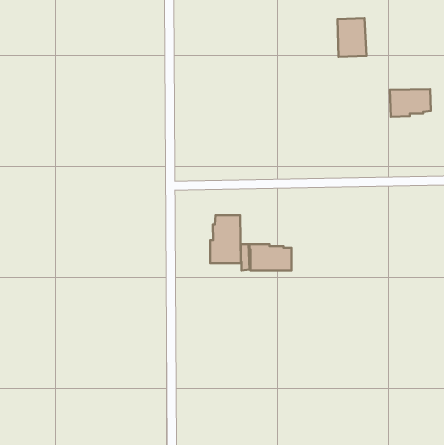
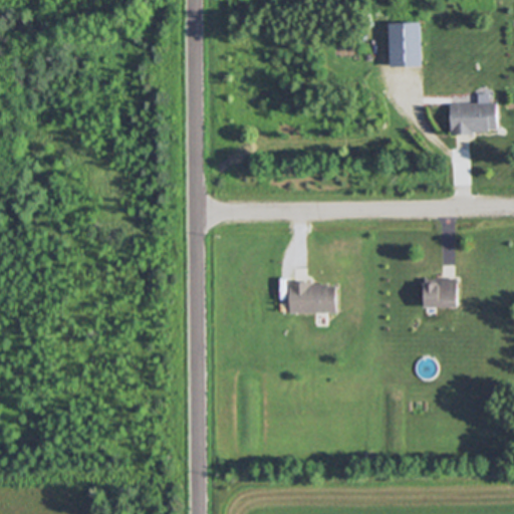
building: [210,215,241,263] -> none
building: none -> [423,279,456,305]

